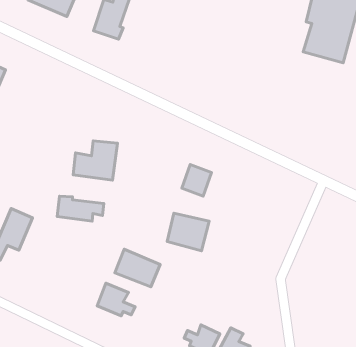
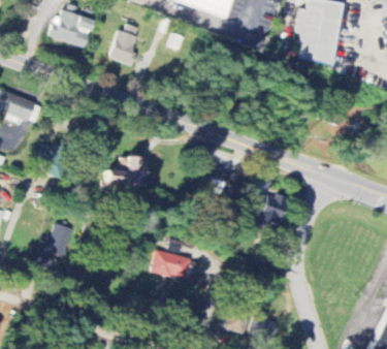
building: [57,196,104,221] -> none
building: [167,213,209,251] -> [252,195,287,226]
building: [97,283,135,316] -> none

